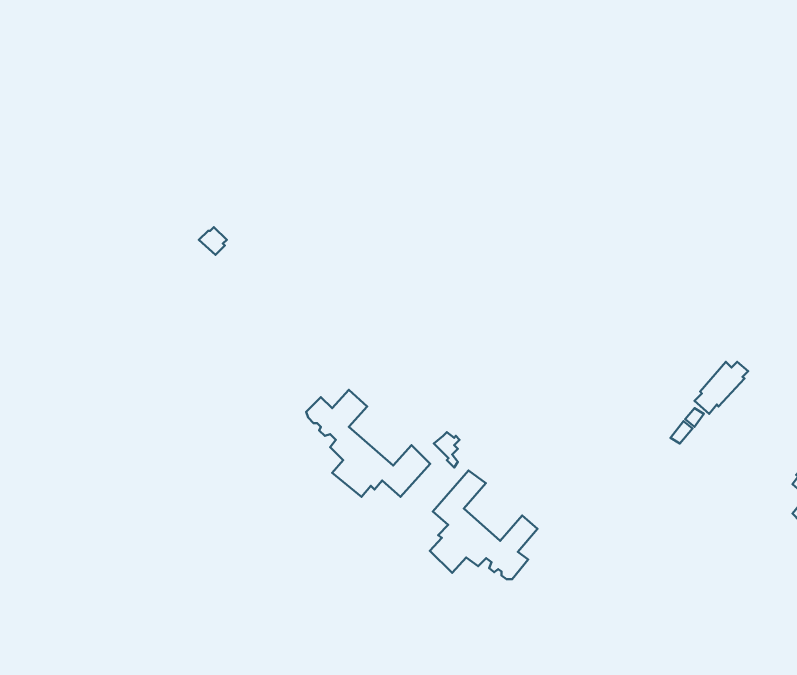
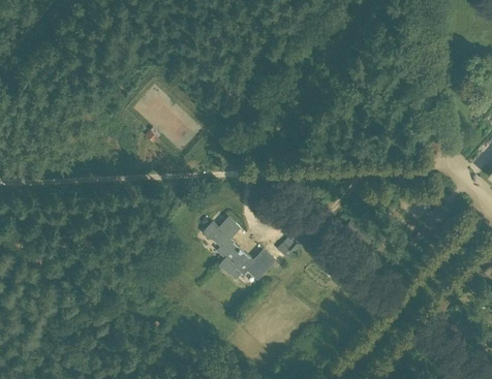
building: [430,471,538,579] -> none

